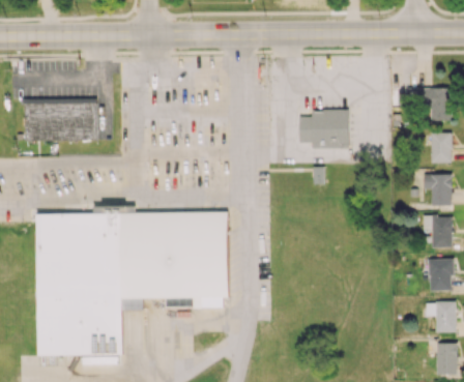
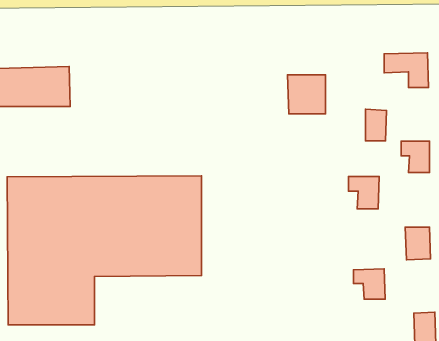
building: [431,131,452,163] -> [366,109,387,141]
building: [423,215,453,247] -> [349,176,379,209]
building: [426,301,457,331] -> [354,269,385,299]

